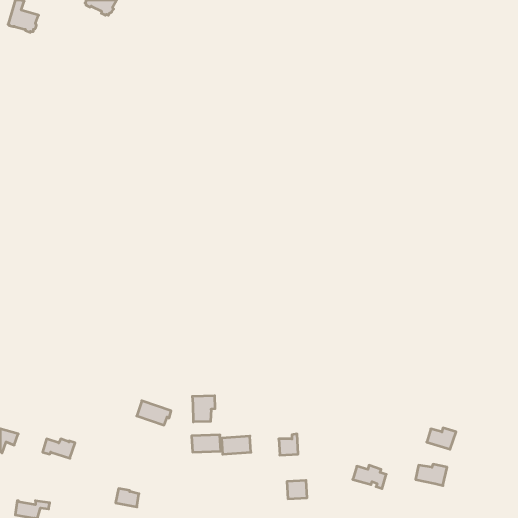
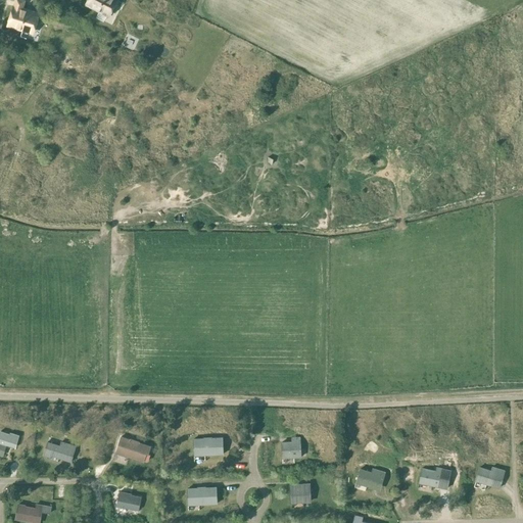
building: [192,396,215,422] -> none
building: [137,401,171,425] -> [115,437,150,462]
building: [427,428,456,449] -> [475,467,505,488]
building: [222,436,251,454] -> [187,487,217,506]

